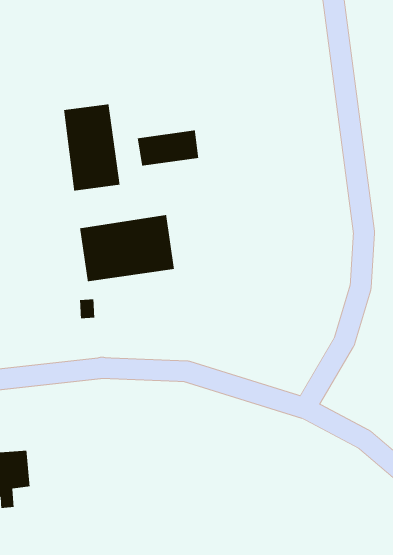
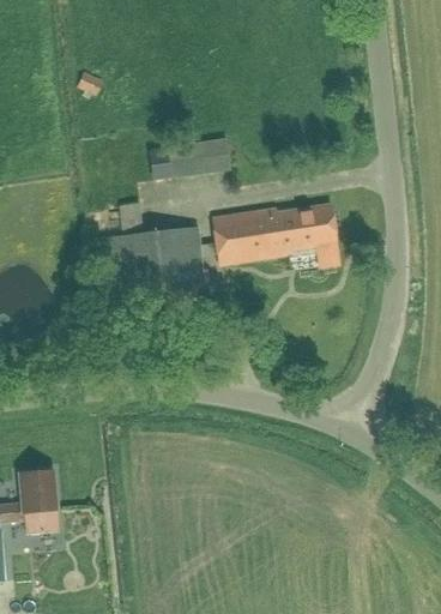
building: [63,103,121,191] -> none
building: none -> [212,201,337,264]

